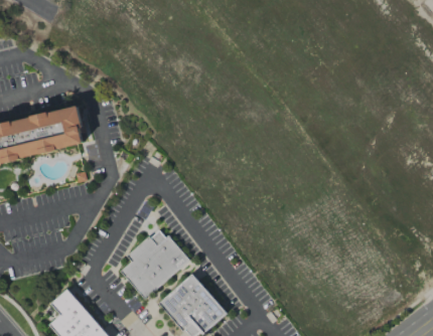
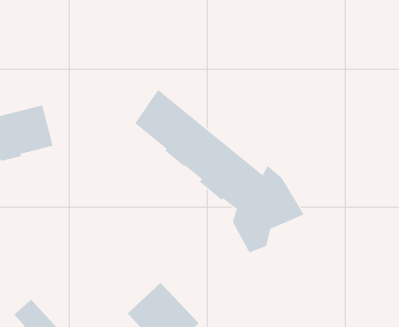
building: none -> [135,89,304,253]
building: [120,230,188,299] -> none

